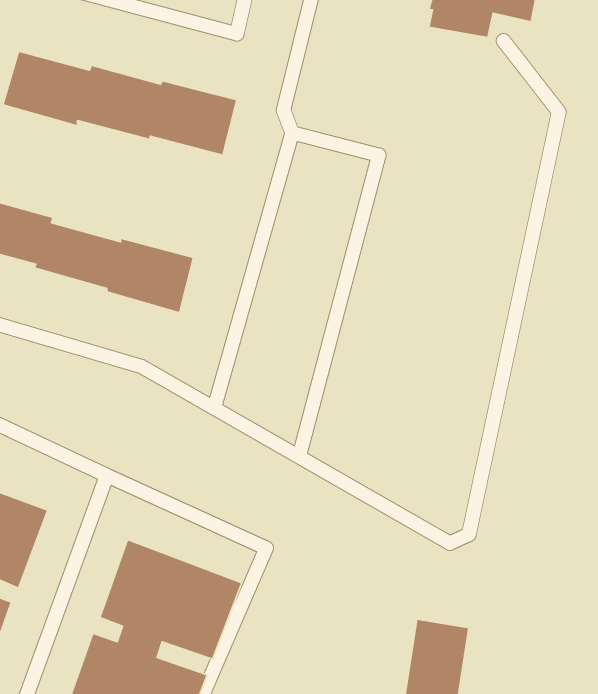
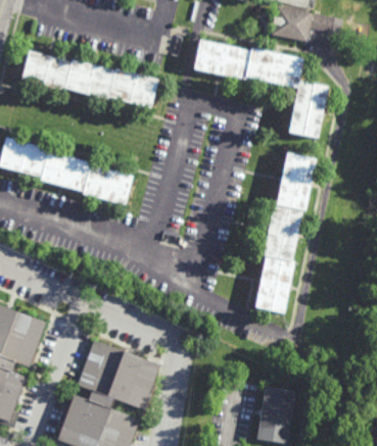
building: none -> [192,39,329,142]
building: none -> [254,148,317,312]

